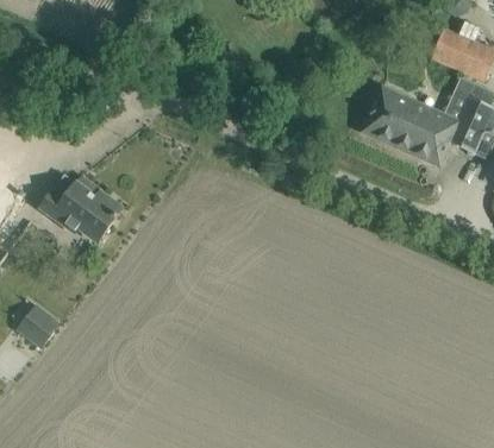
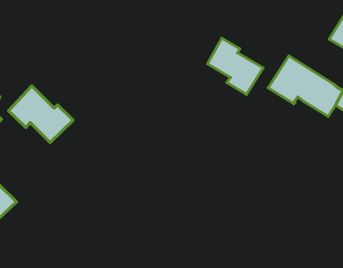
building: none -> [208,38,263,94]

